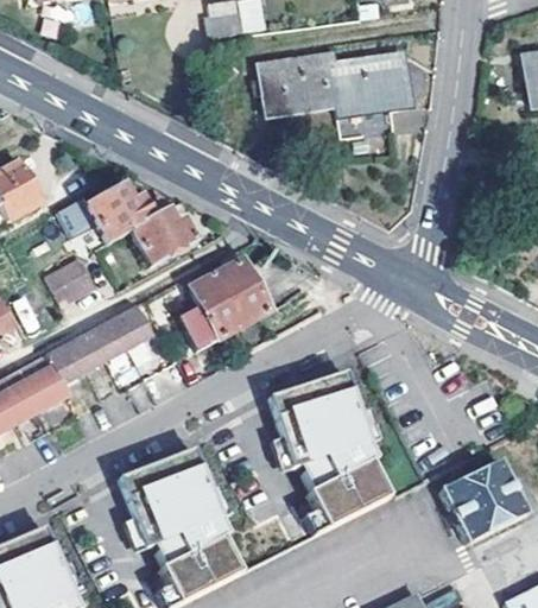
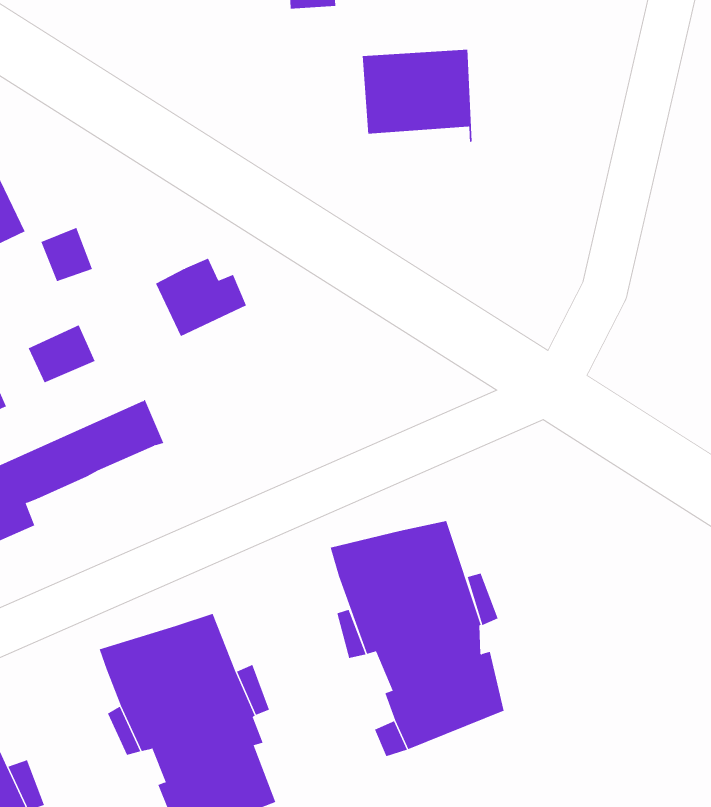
building: [330,52,407,138] -> none
building: [89,185,152,241] -> none
building: [186,260,270,353] -> none
building: [441,460,525,542] -> none

